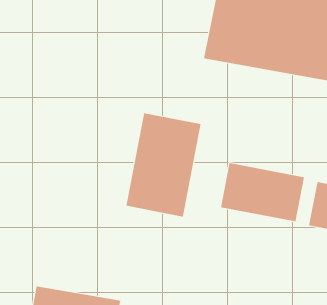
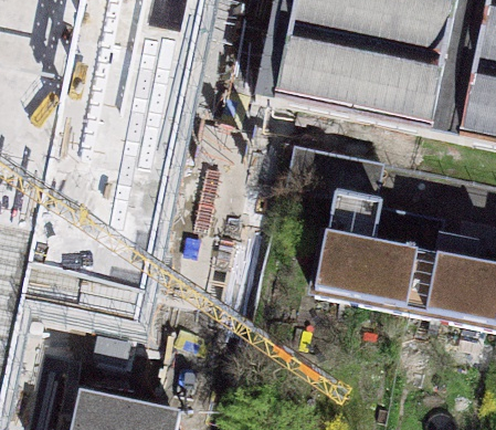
building: [126,112,201,217] -> none

